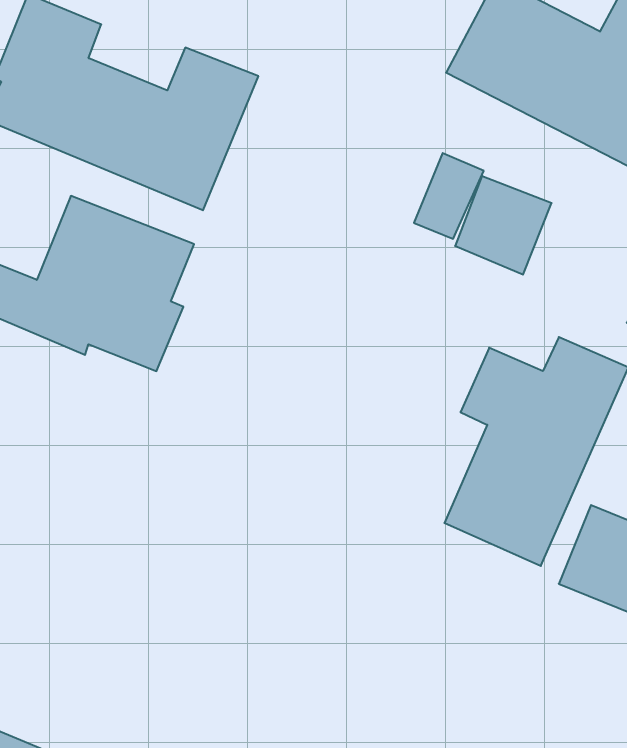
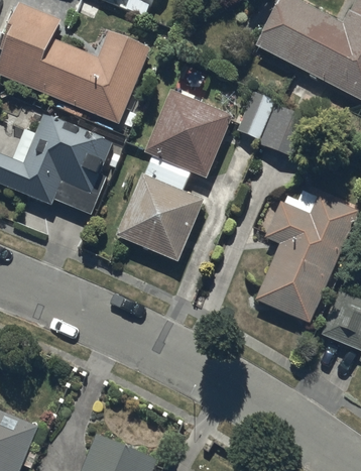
building: none -> [118,90,233,261]

